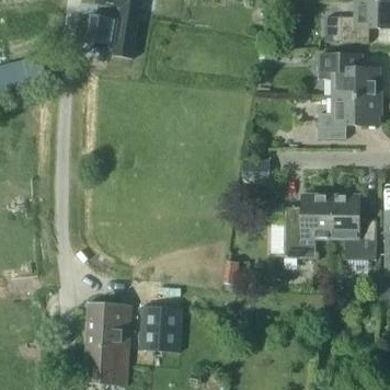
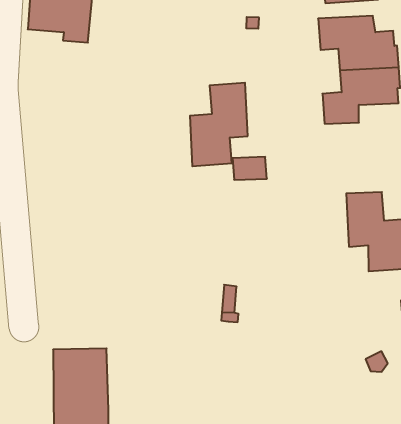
building: [284,194,331,257] -> [190,83,248,166]
building: [139,303,183,351] -> none

